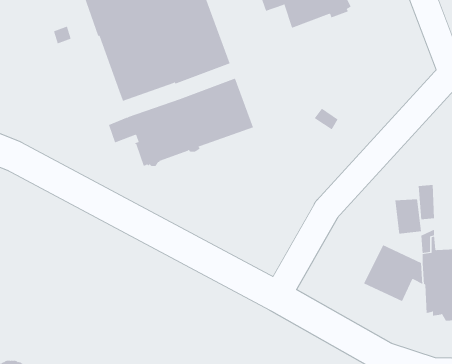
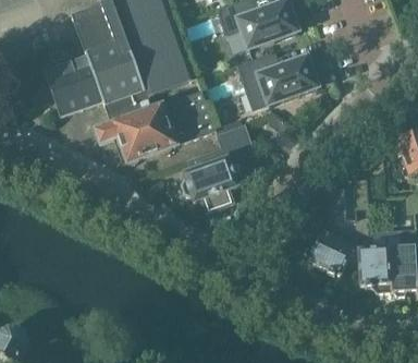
building: none -> [235,51,316,108]
building: none -> [44,53,101,114]
building: none -> [179,124,251,210]

